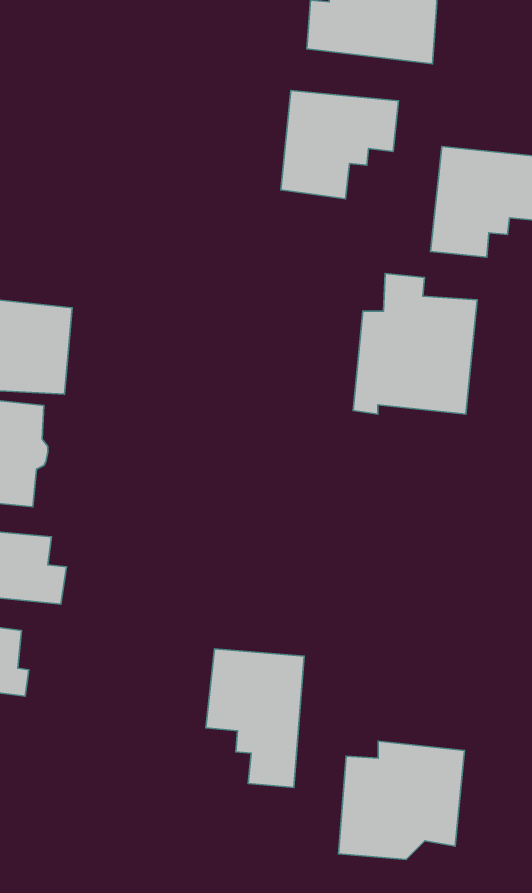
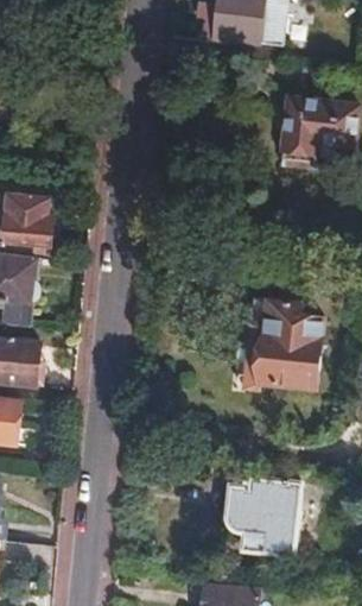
building: [281,90,399,199] -> none
building: [353,274,477,414] -> [243,301,322,390]
building: [206,649,304,787] -> none

